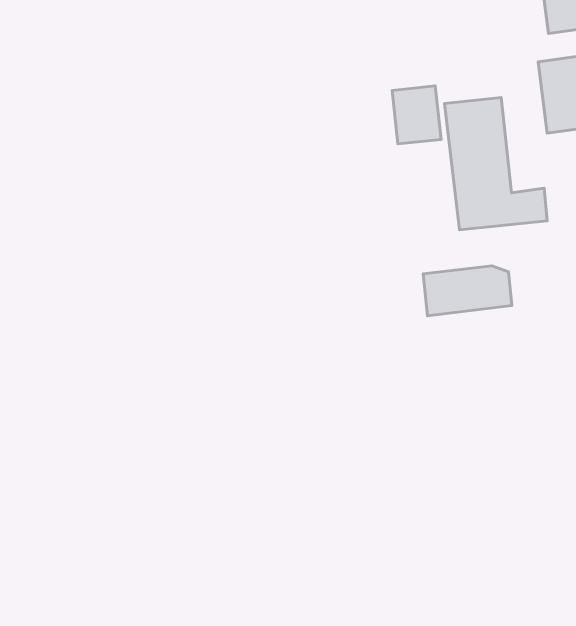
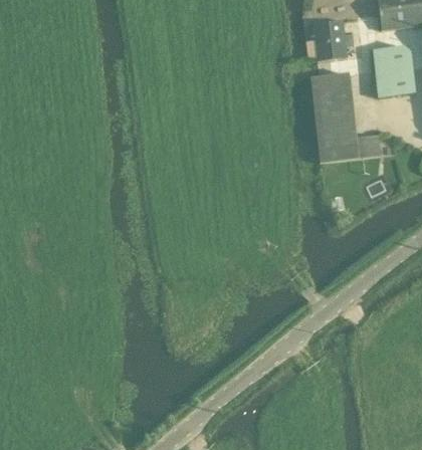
building: [392,86,441,144] -> [314,20,348,59]
building: [423,266,512,316] -> none

